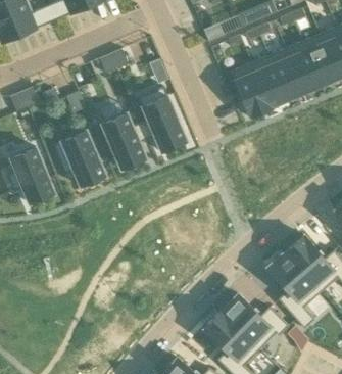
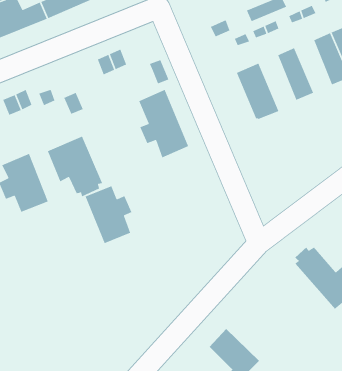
building: [286,41,321,91] -> none
building: [252,55,287,108] -> none
building: [102,113,147,169] -> [85,185,132,244]
building: [268,251,324,330] -> none
building: [222,294,289,342] -> none

